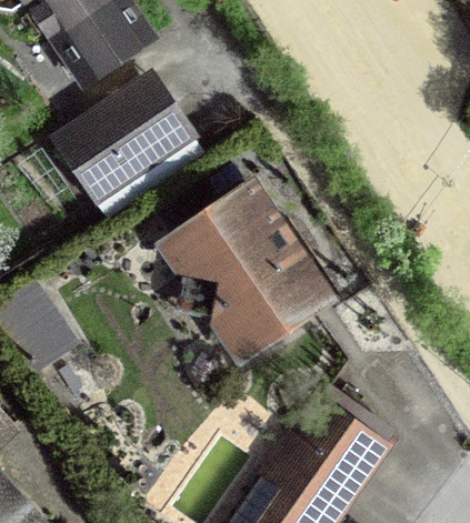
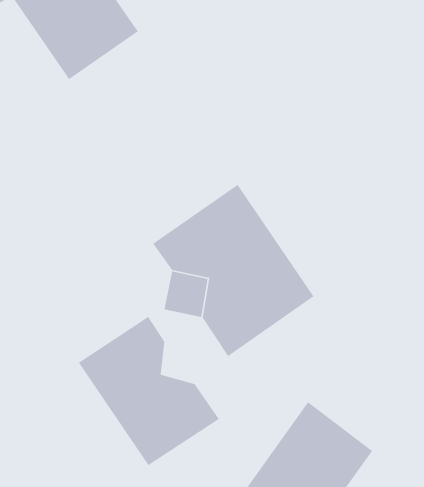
building: [61,73,202,203] -> none
building: none -> [78,316,220,466]

